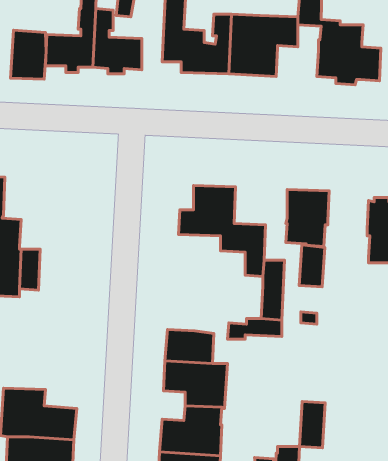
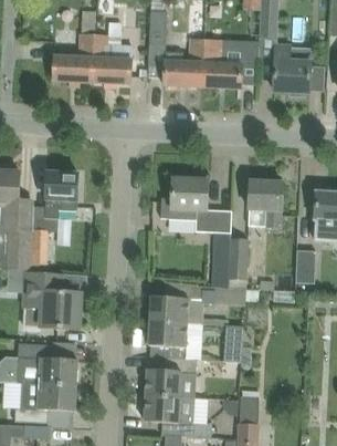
building: [10,30,46,79] -> none
building: none -> [43,173,77,218]
building: [299,245,325,287] -> [294,249,315,283]
building: none -> [22,271,81,329]
building: [299,402,325,448] -> [222,324,243,362]

